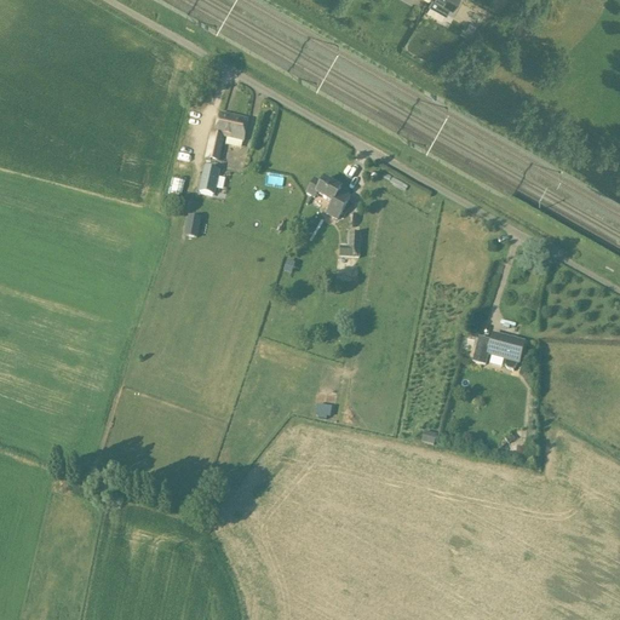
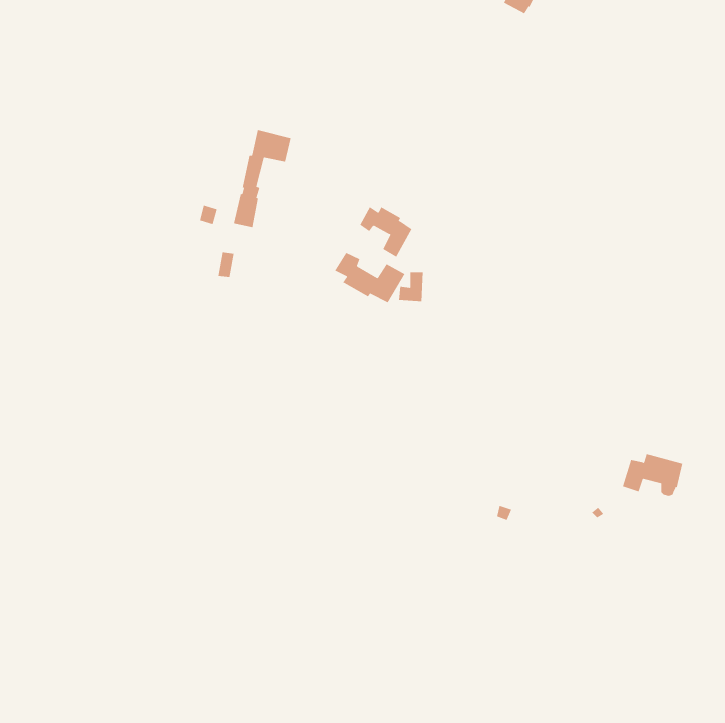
building: none -> [335,252,405,303]
building: [473,331,526,367] -> [622,454,683,496]

